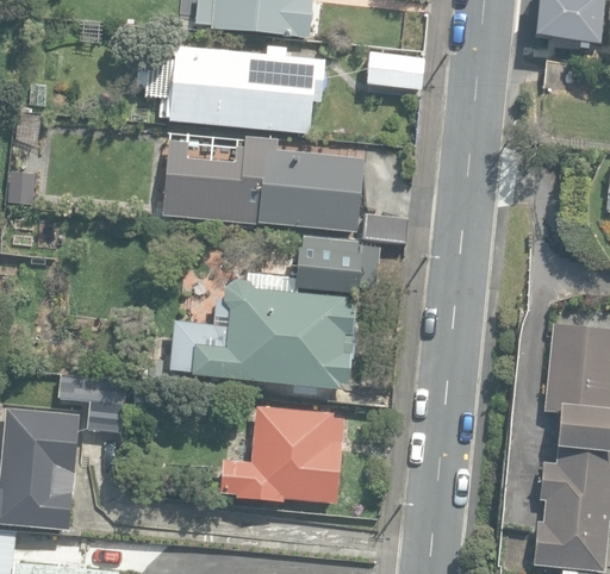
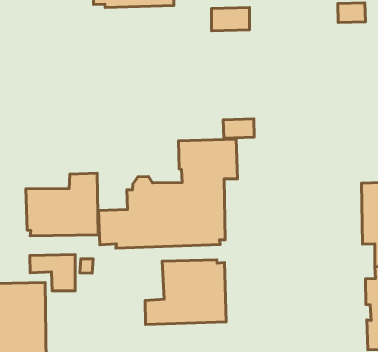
building: [147,46,325,133] -> none
building: [163,137,361,232] -> none
building: none -> [26,173,98,236]

